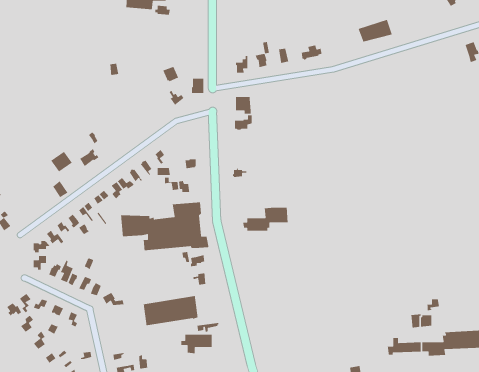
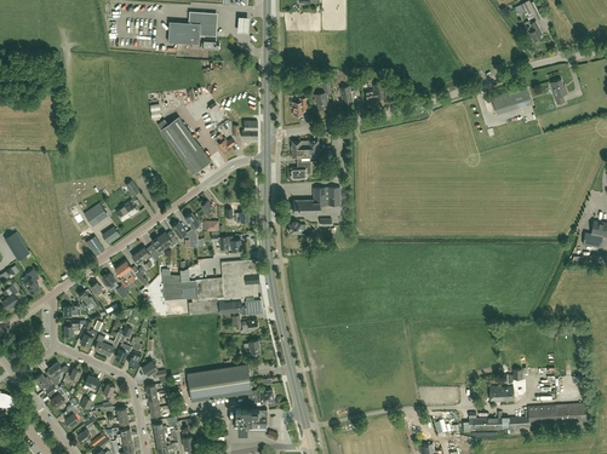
building: [357,19,393,42] -> [492,86,532,113]
building: none -> [161,117,211,174]
building: [242,207,289,232] -> [288,188,340,215]

